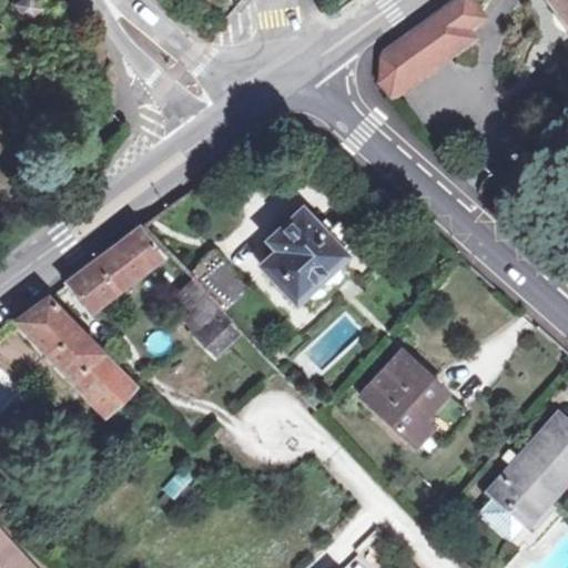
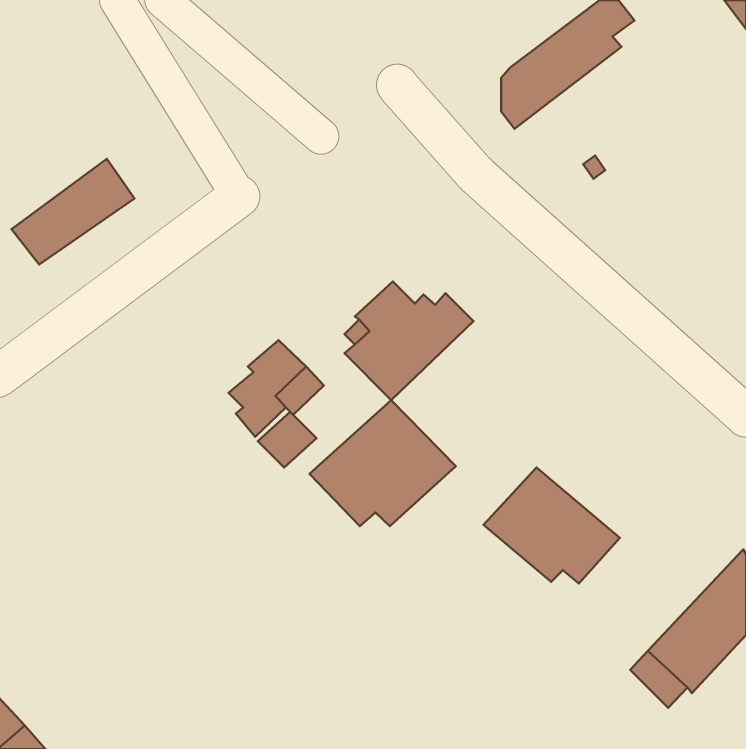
building: [67,233,160,313] -> [11,159,135,264]
building: [16,300,132,414] -> none
building: none -> [310,400,456,526]

